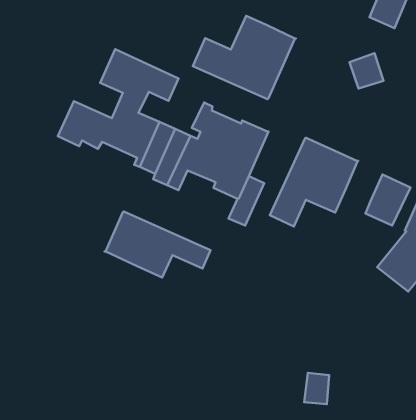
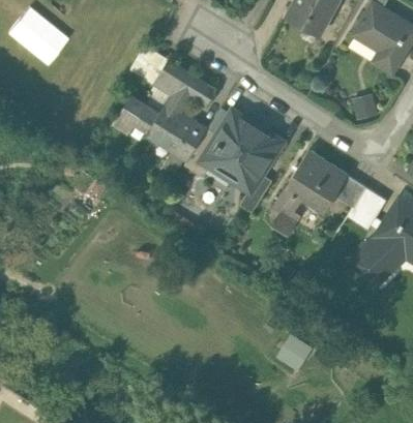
building: [193,16,296,99] -> none
building: none -> [334,176,365,208]
building: [105,212,210,278] -> none

